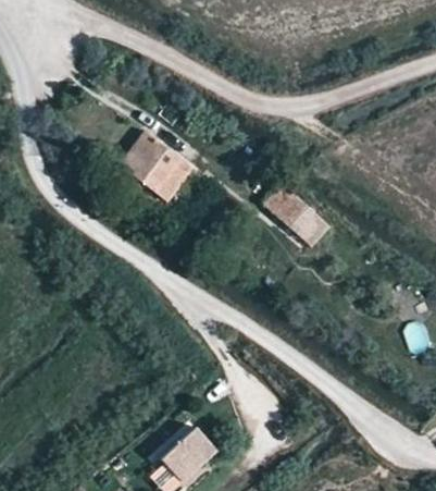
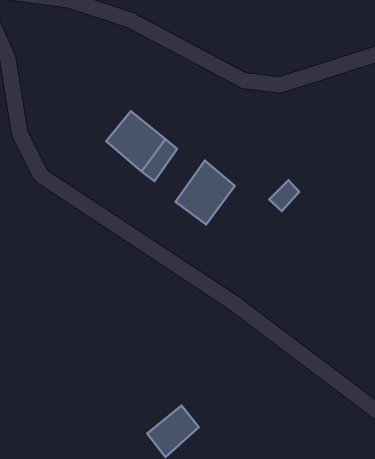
building: none -> [175,161,235,224]

